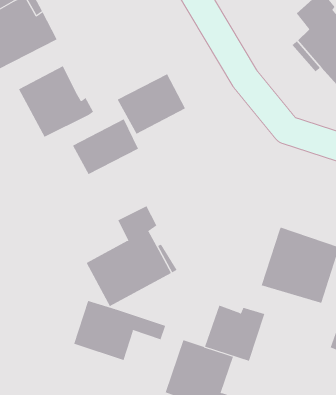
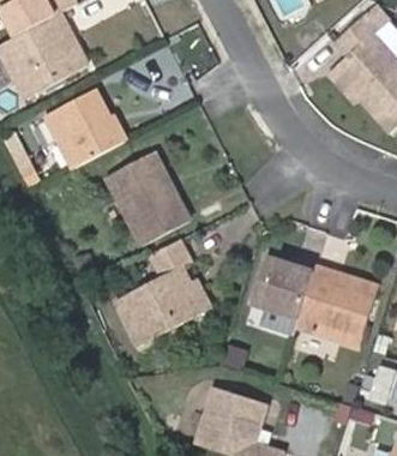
building: [117,74,186,134] -> [115,181,188,246]
building: [74,300,166,361] -> none
building: [204,305,265,361] -> [253,258,318,318]

